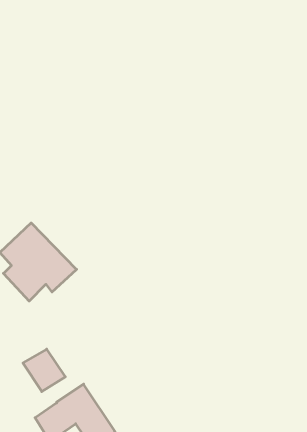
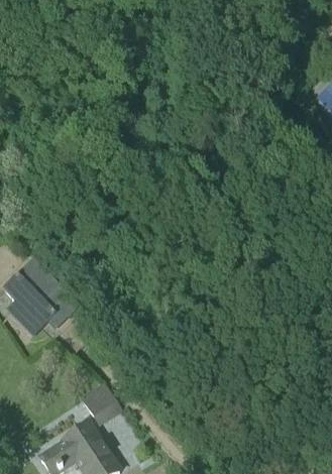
building: [23,349,65,392] -> [80,380,123,424]

